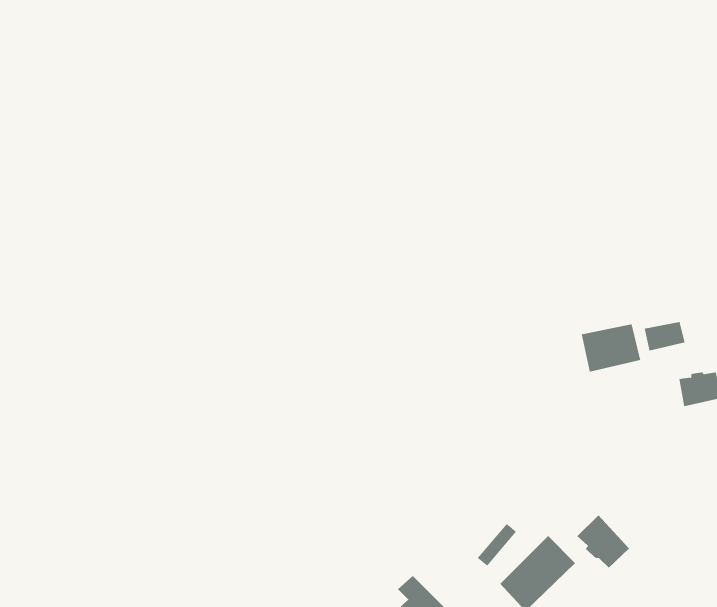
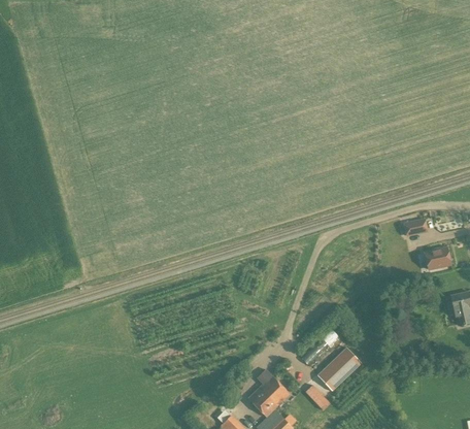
building: [581,323,641,372] -> none
building: [577,514,630,568] -> none

